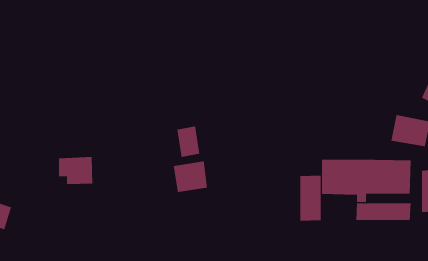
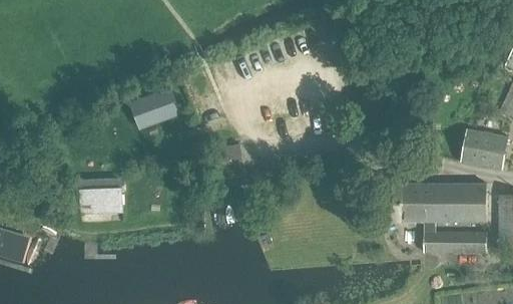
building: none -> [131,89,179,121]
building: [173,161,207,193] -> none
building: [300,175,321,222] -> none

